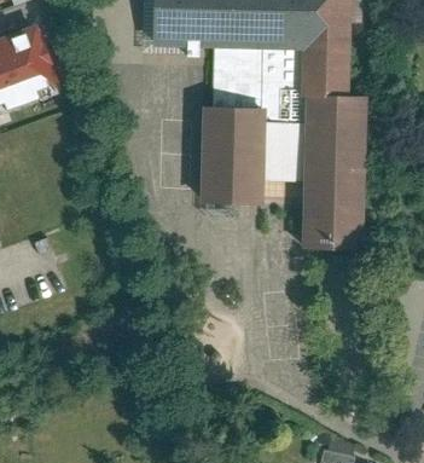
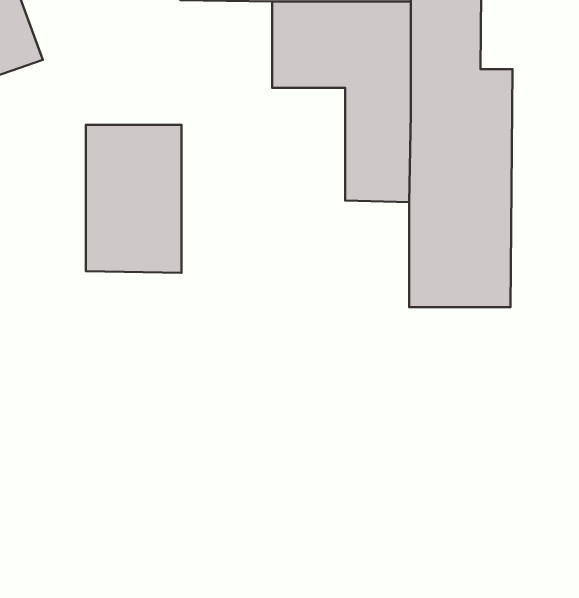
building: [199,103,261,198] -> [86,125,181,273]

